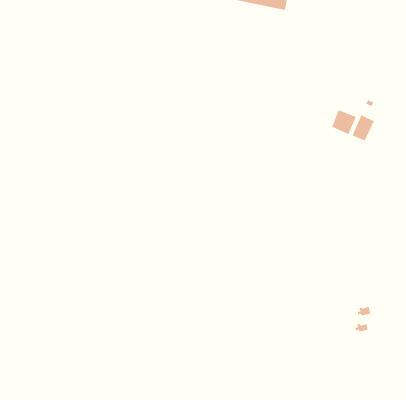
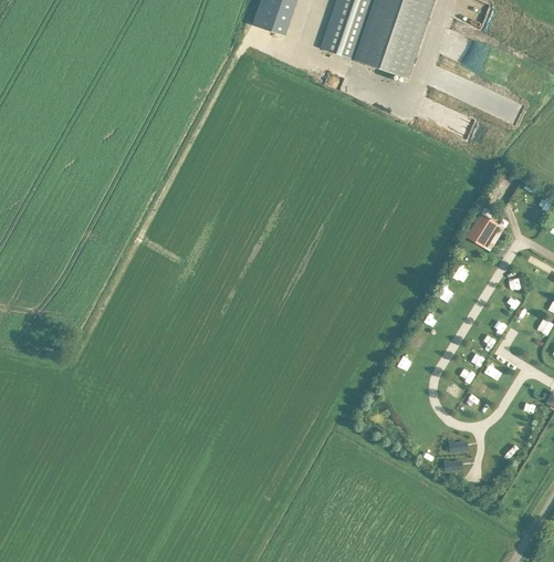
building: [331,109,357,135] -> none

